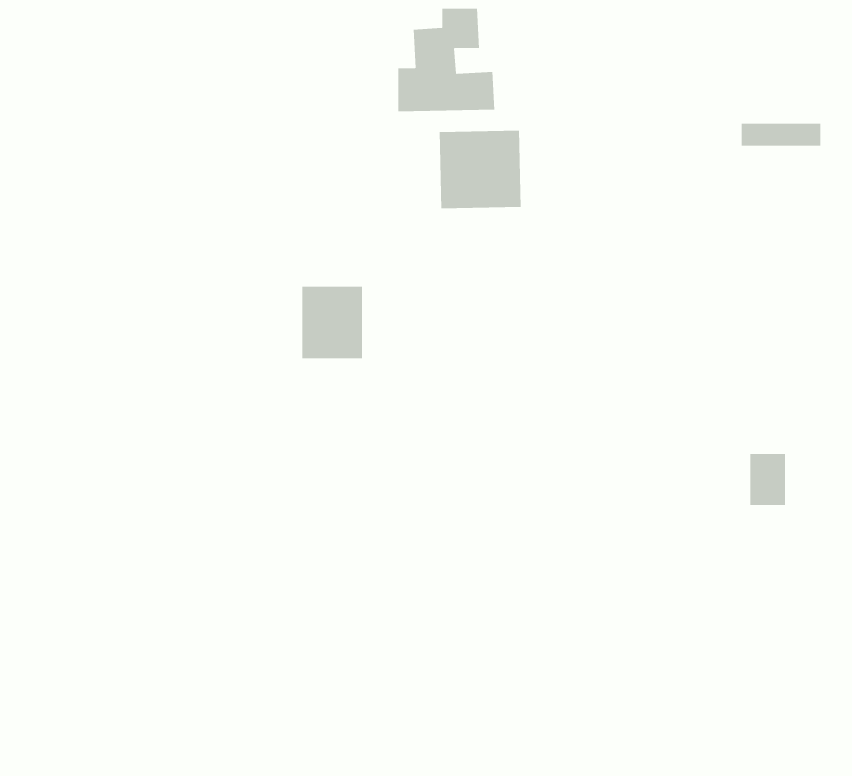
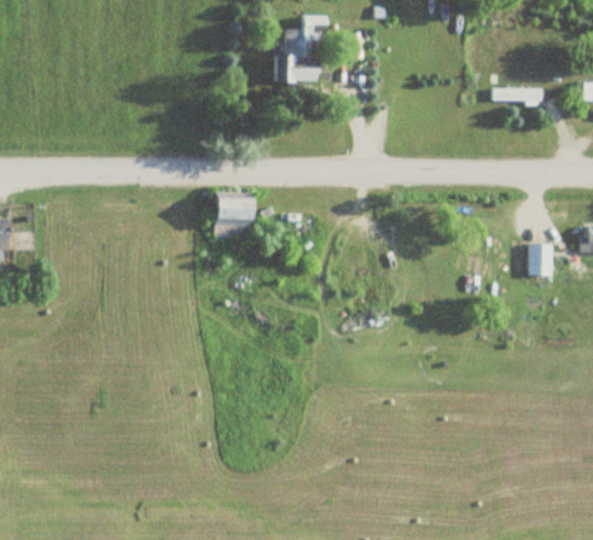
building: [439,130,521,209] -> none
building: [749,454,786,505] -> [529,242,552,274]

